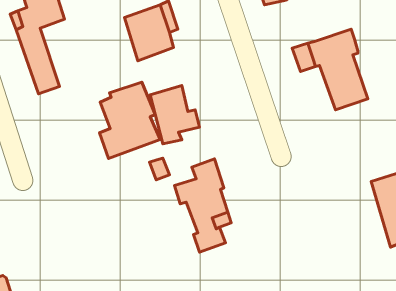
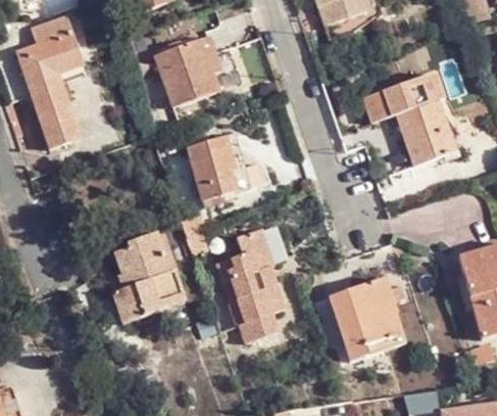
building: [99,82,160,159] -> [111,231,186,325]
building: none -> [325,281,401,362]

